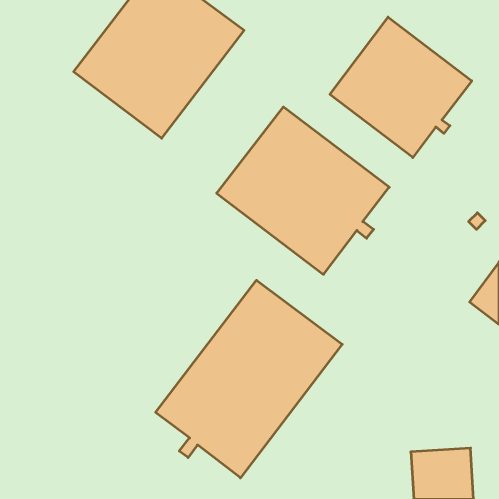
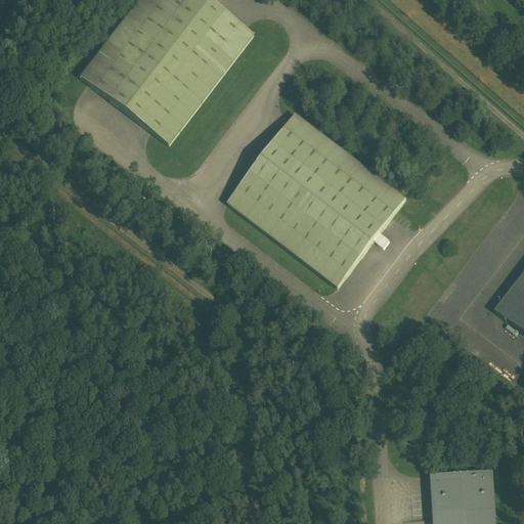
building: [330,17,472,158] -> none
building: [156,280,342,478] -> none

